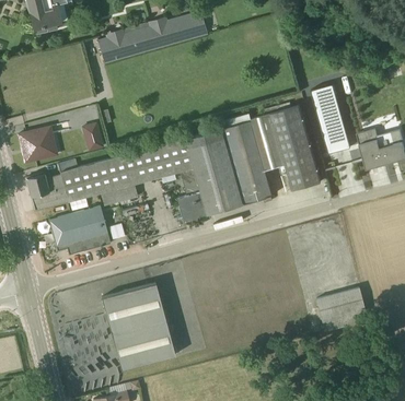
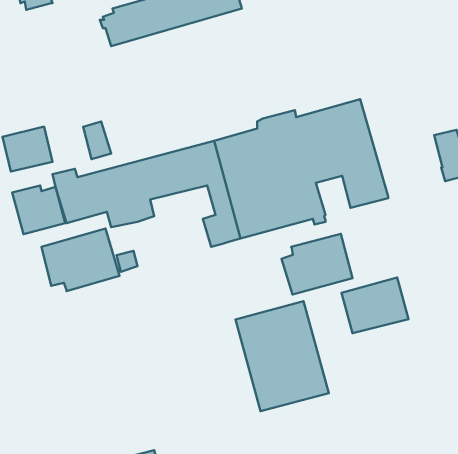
building: [312,84,350,153] -> none
building: none -> [282,234,353,295]
building: [102,283,175,369] -> [235,301,329,411]
building: [315,287,368,331] -> [342,277,408,333]

